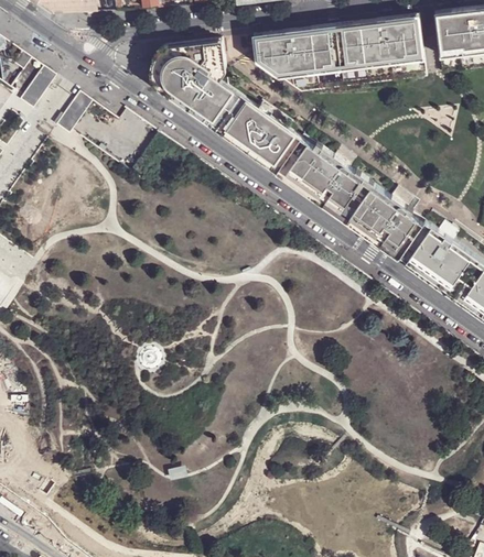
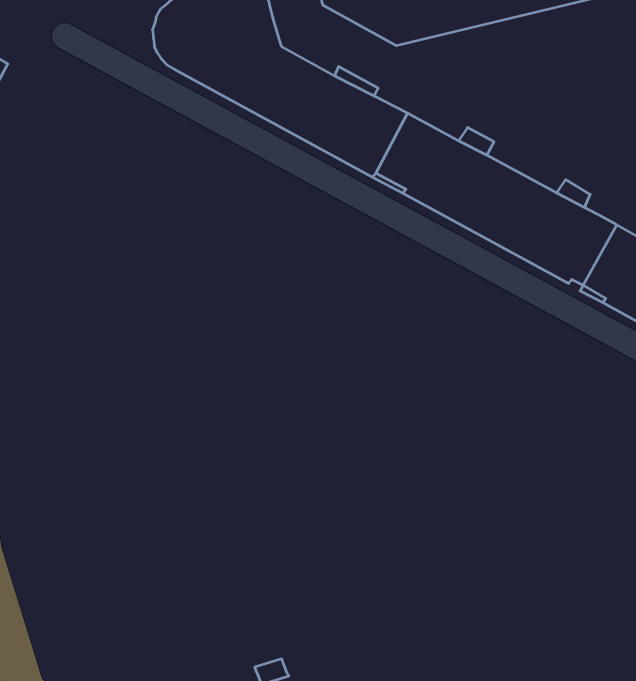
building: [55,89,93,132] -> none

